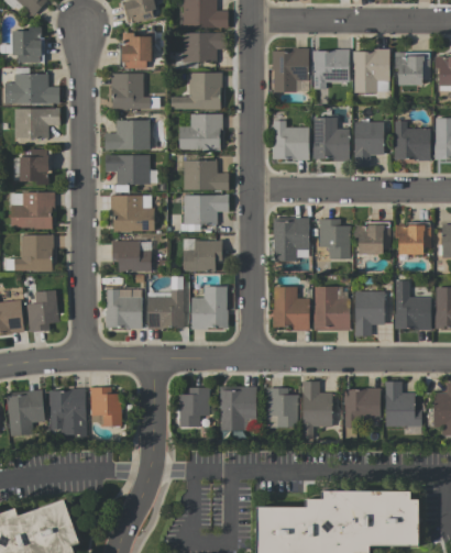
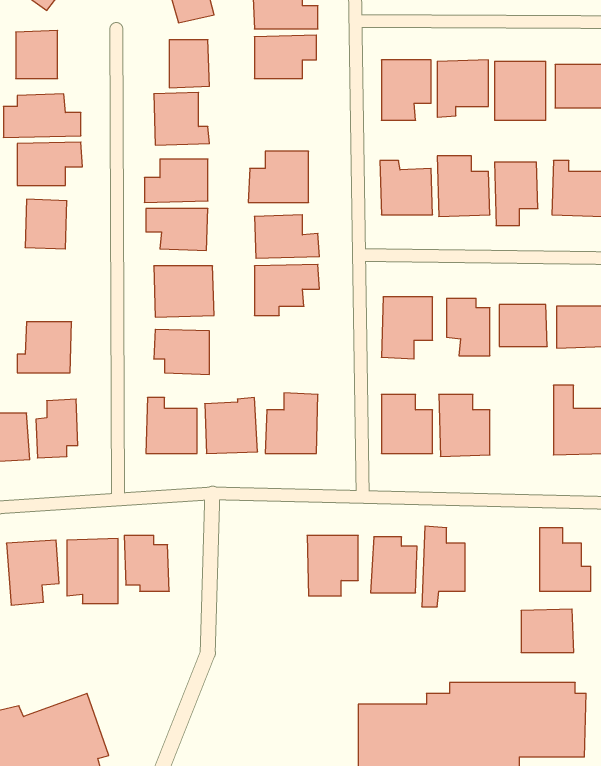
building: [170,73,221,110] -> none
building: [10,192,54,229] -> none
building: [183,240,221,273] -> none
building: [354,291,385,336] -> none
building: [178,388,209,428] -> none
building: [343,388,381,419] -> [521,609,574,652]

